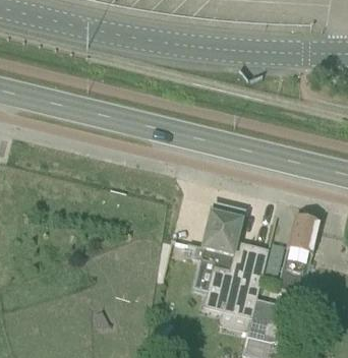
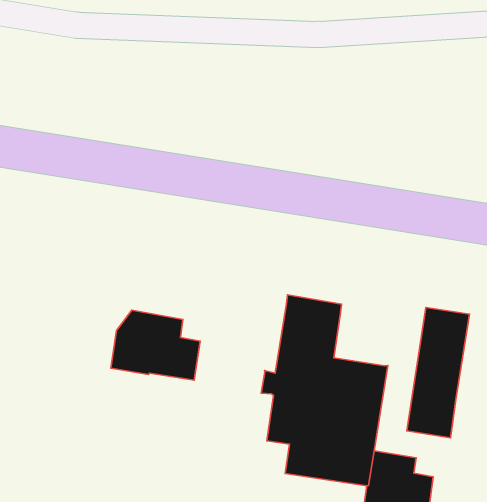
building: none -> [111,310,200,380]

